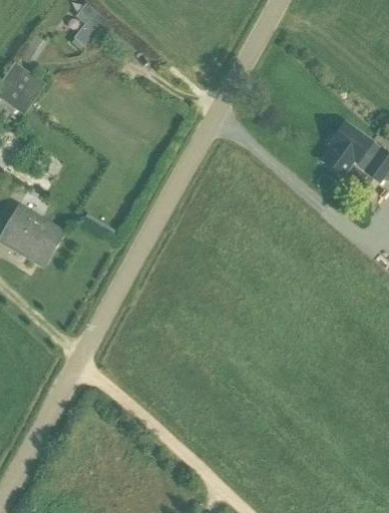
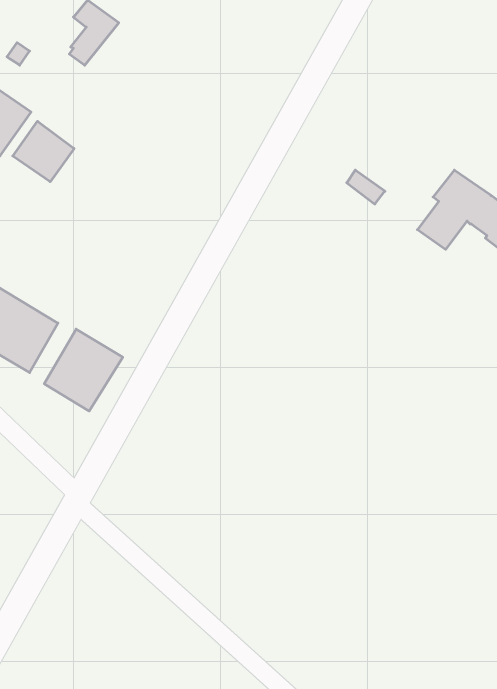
building: none -> [13,121,74,182]
building: none -> [44,329,123,411]

